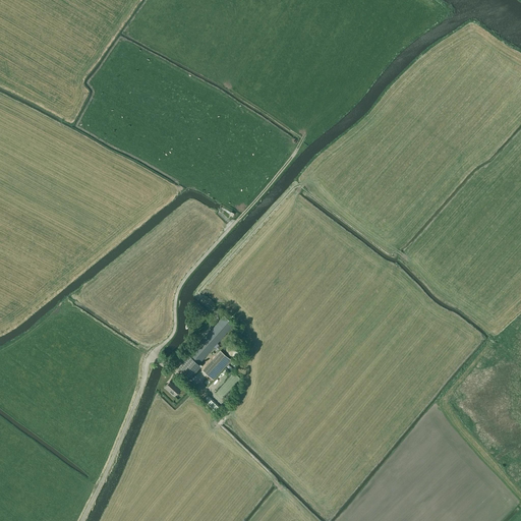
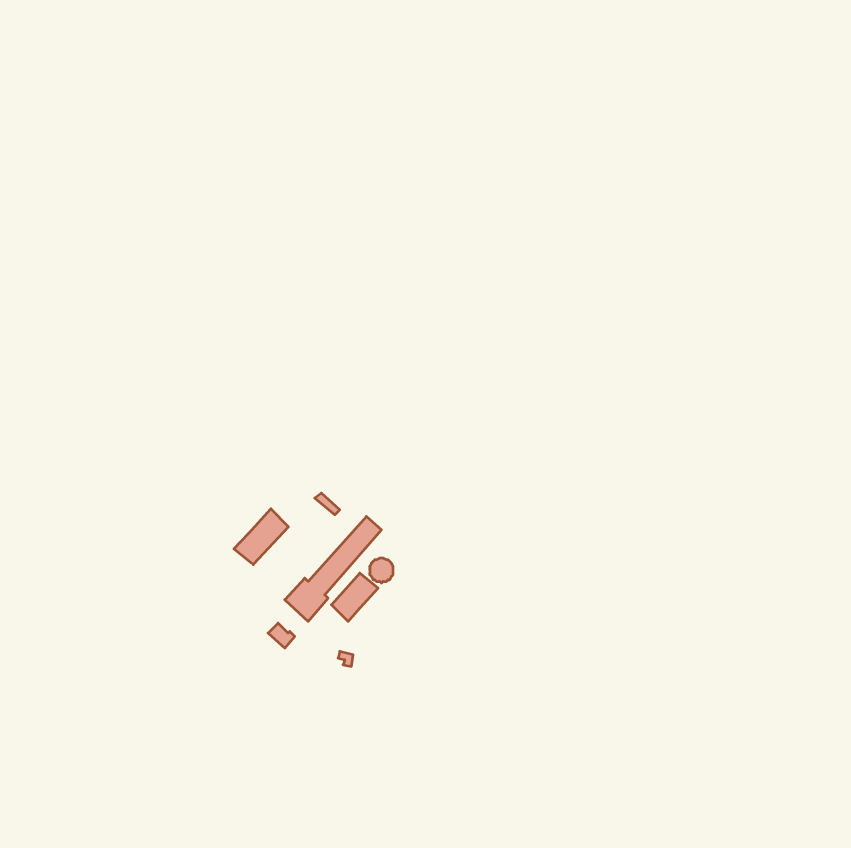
building: none -> [234,509,288,565]

